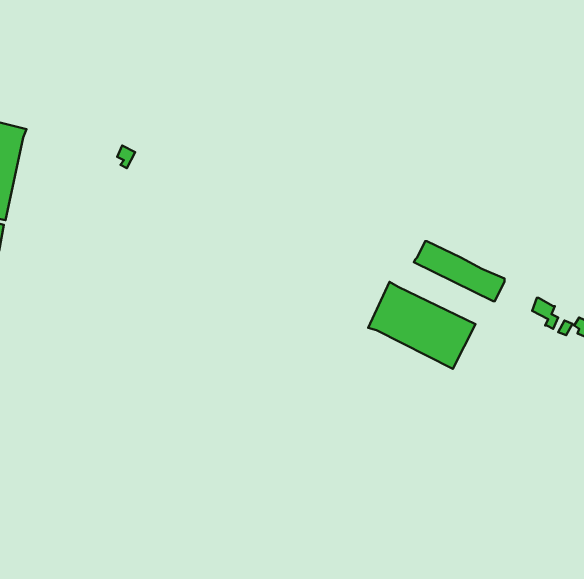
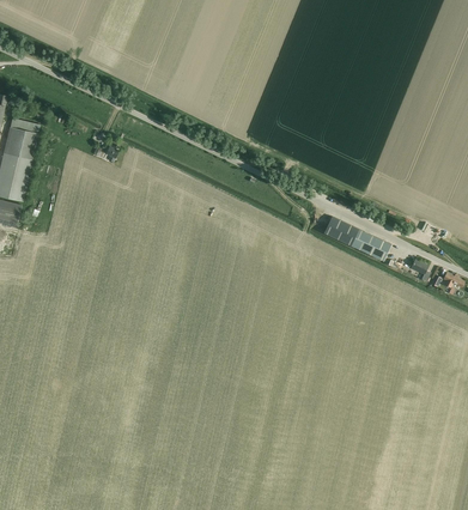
building: [368,282,475,369] -> none

